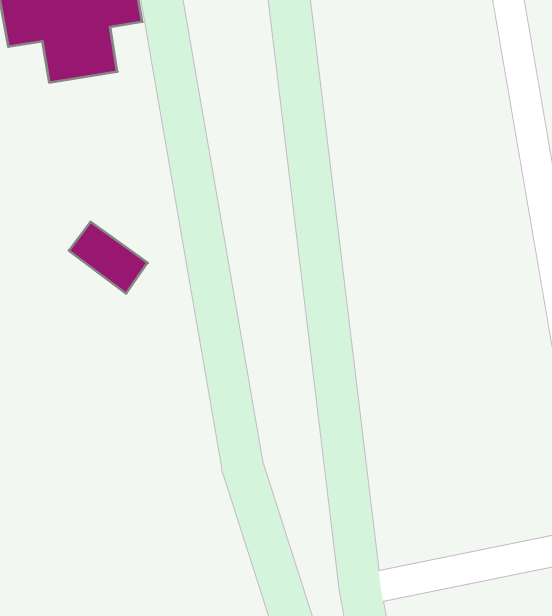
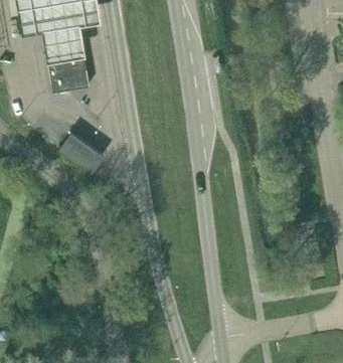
building: none -> [46,50,89,93]

